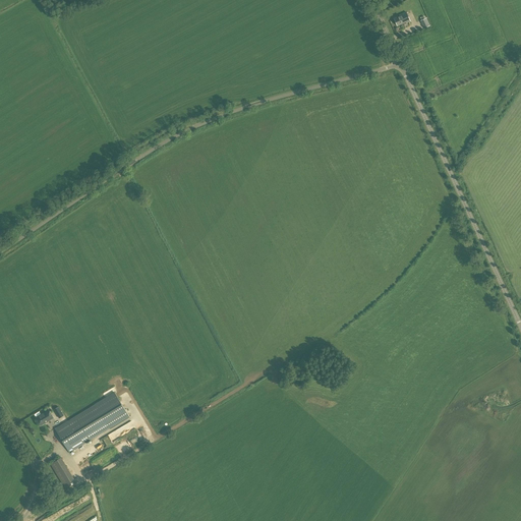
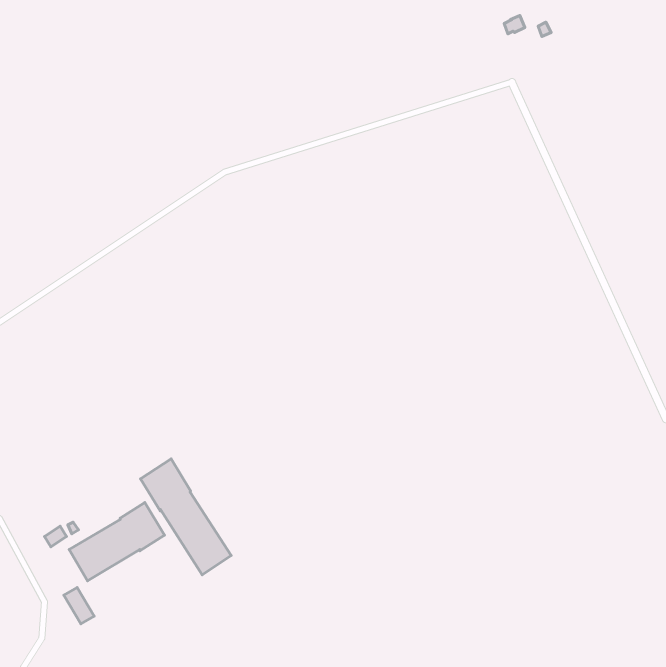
building: none -> [140,459,231,575]

